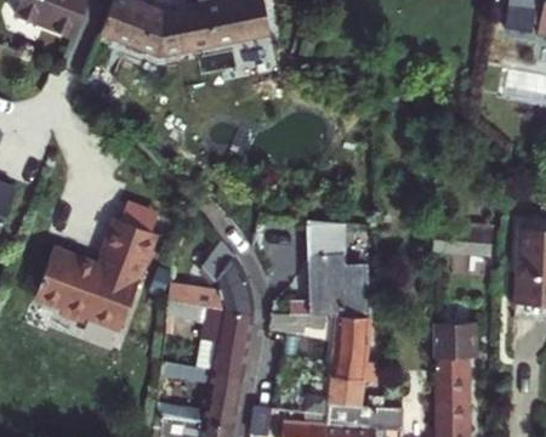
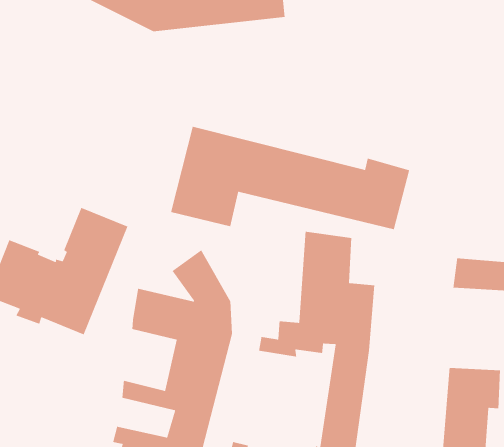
building: none -> [170,126,410,230]

